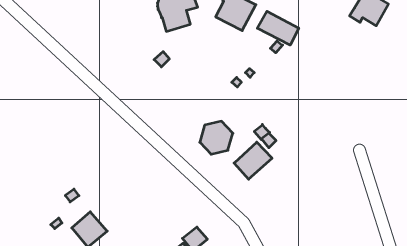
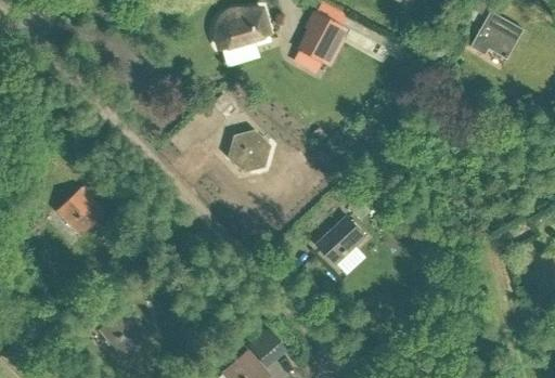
building: [257,11,299,45] -> none
building: [200,121,233,154] -> [227,130,271,174]
building: none -> [56,188,105,237]

